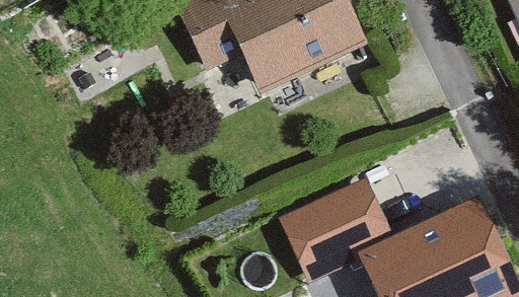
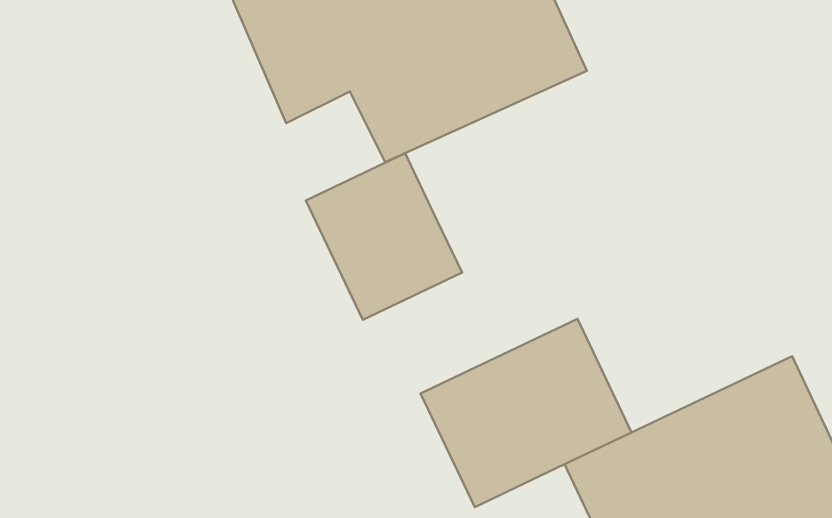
building: none -> [306,153,462,320]

